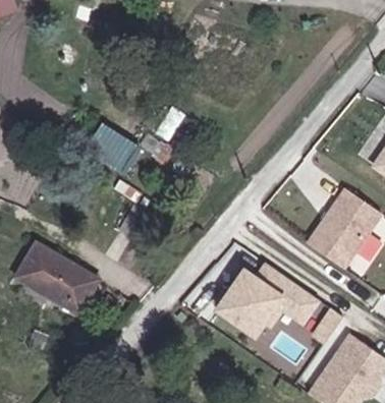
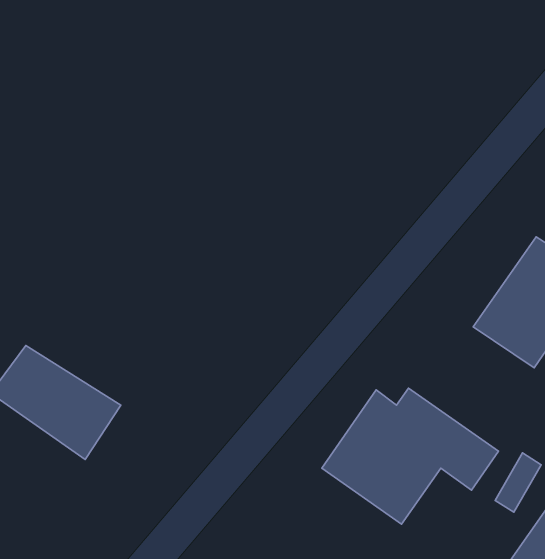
building: [90,125,136,166] -> none

